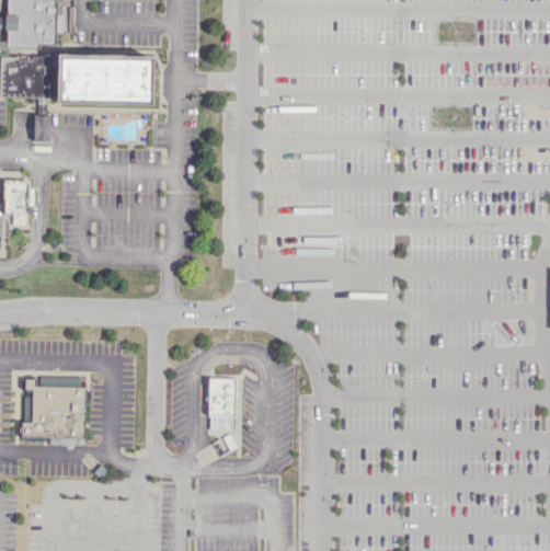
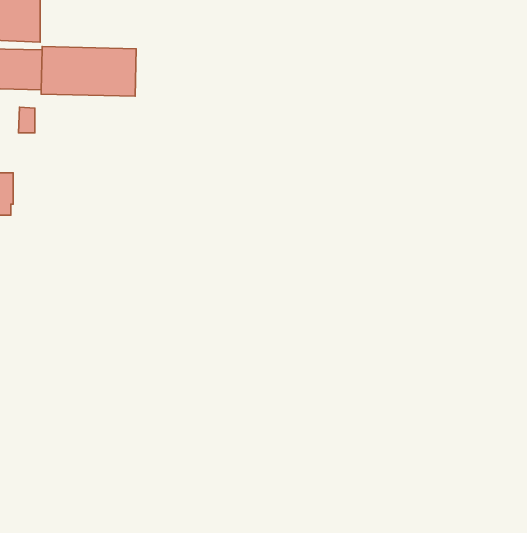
building: [207,377,236,427] -> none
building: [21,378,85,437] -> none

